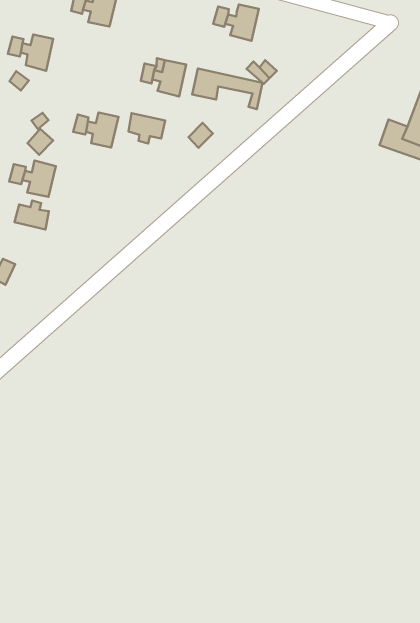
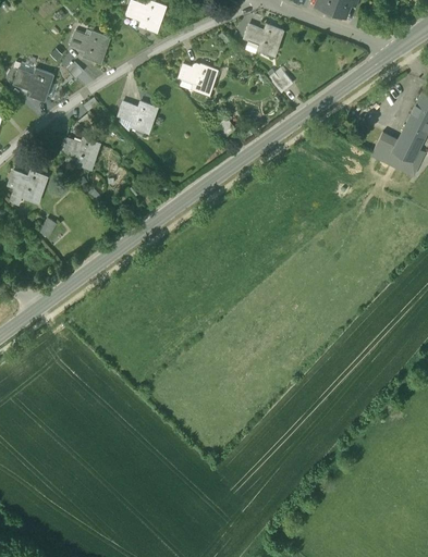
building: [192,68,263,109] -> none
building: [129,113,165,143] -> none
building: [14,201,49,230] -> none

